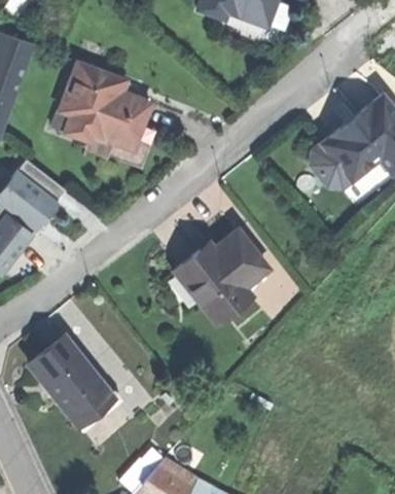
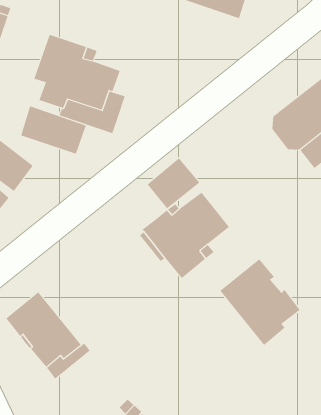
building: none -> [20,105,86,155]
building: none -> [147,158,200,209]
building: none -> [220,259,301,346]

